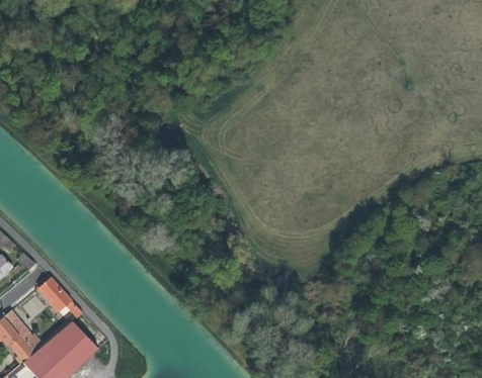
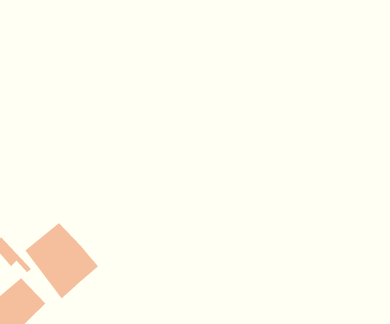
building: none -> [24,222,100,299]

